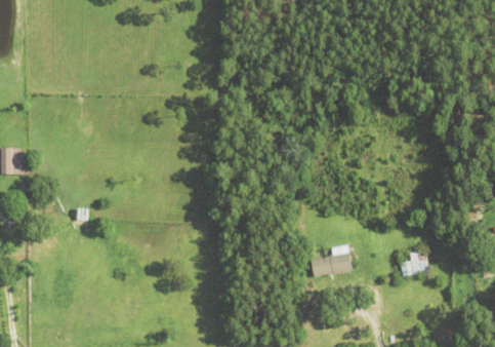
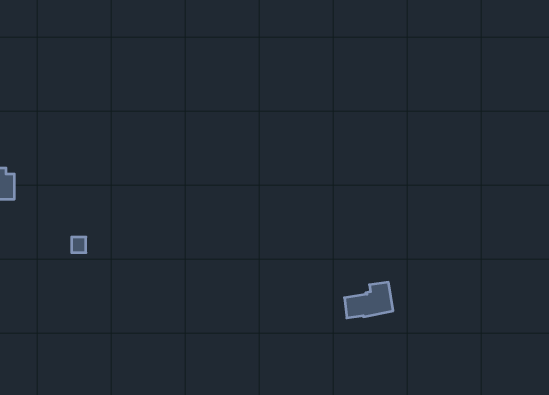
building: [400,248,428,276] -> none

